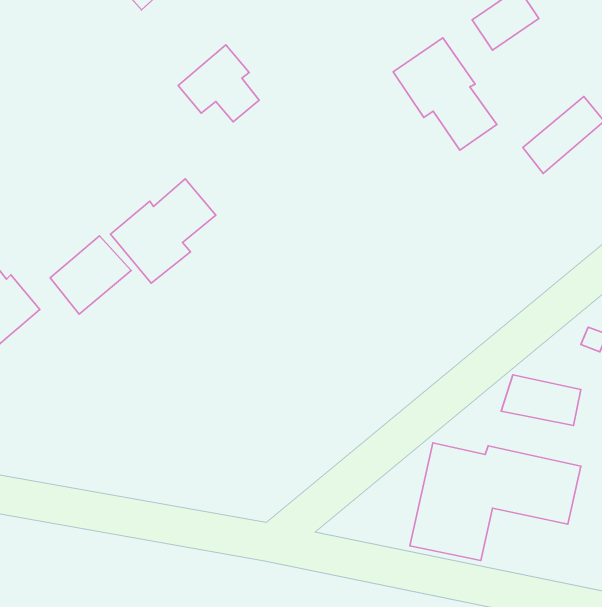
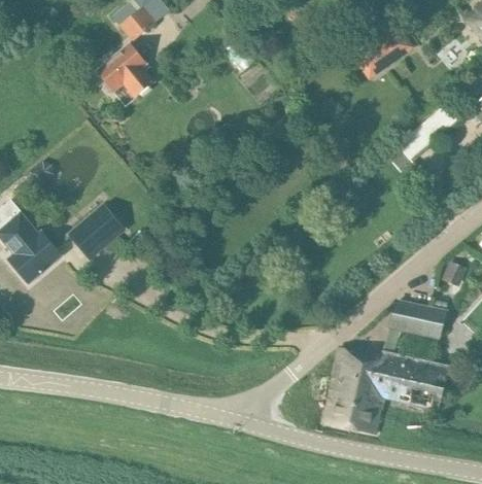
building: [393,38,497,150] -> none
building: [178,45,259,122] -> [96,42,153,97]
building: [110,179,216,283] -> none

